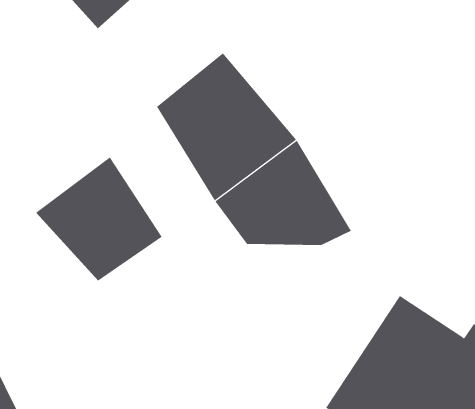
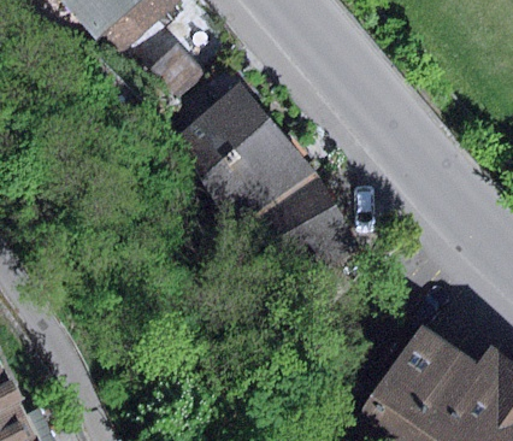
building: [35,157,163,281] -> none

